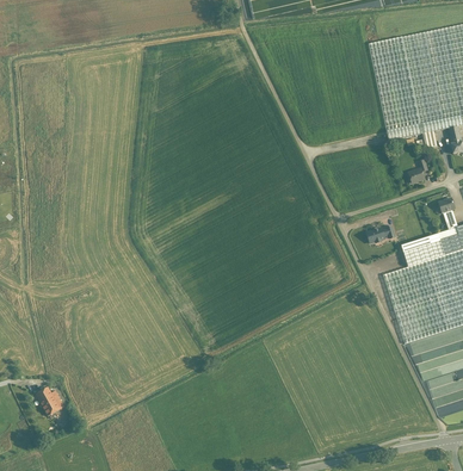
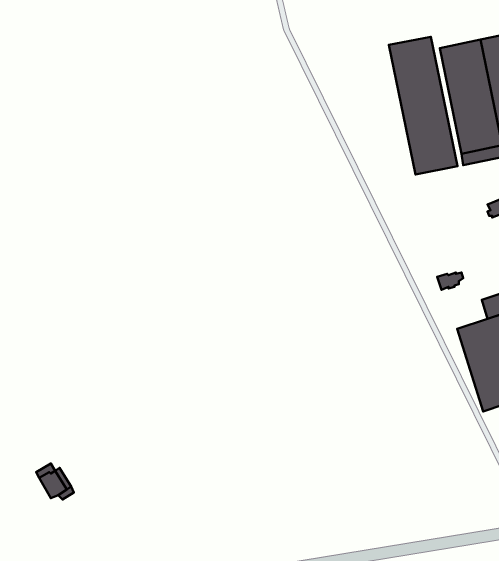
building: none -> [389,37,458,174]

